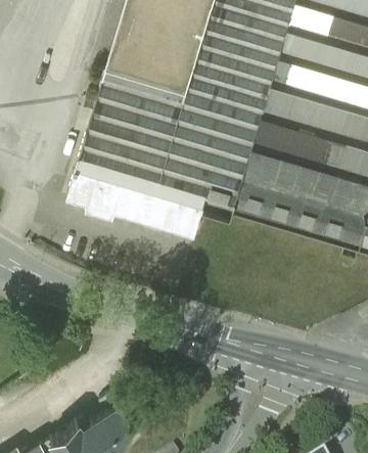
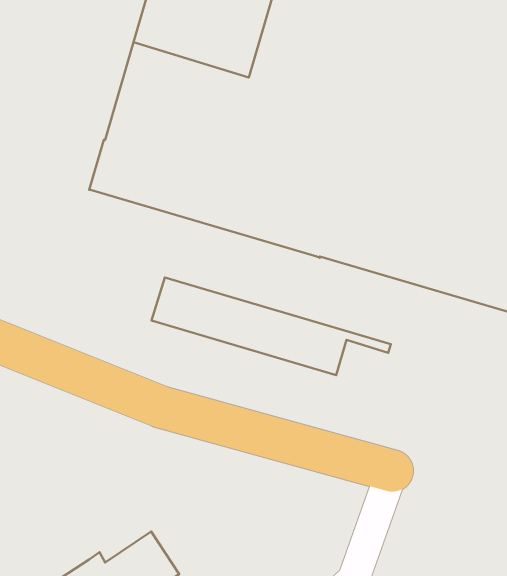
building: [68,165,234,232] -> [151,278,391,375]

